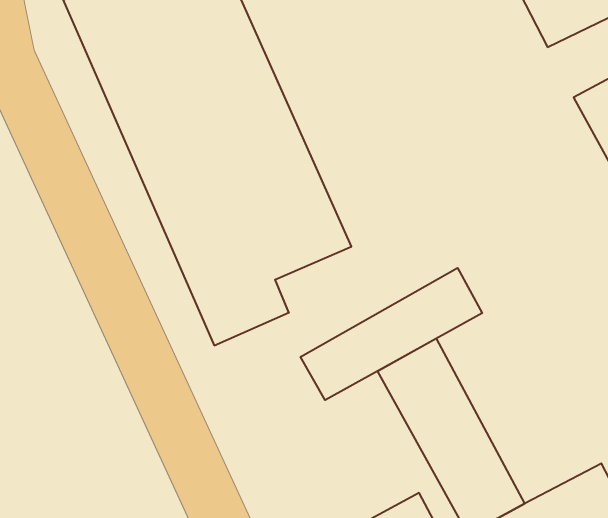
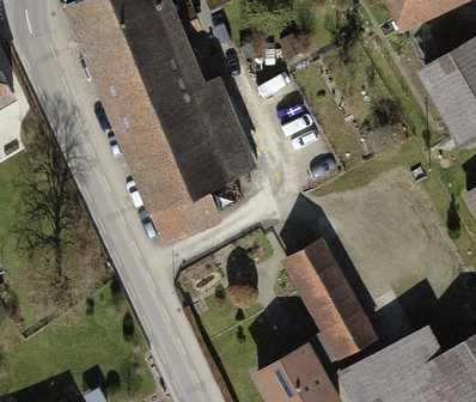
building: [301,268,482,400] -> none

